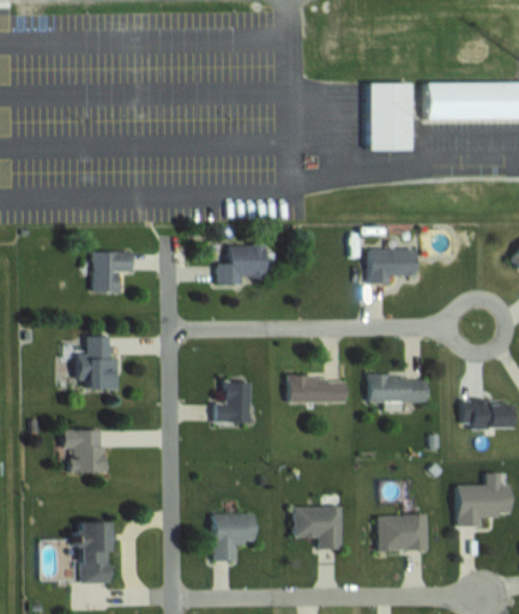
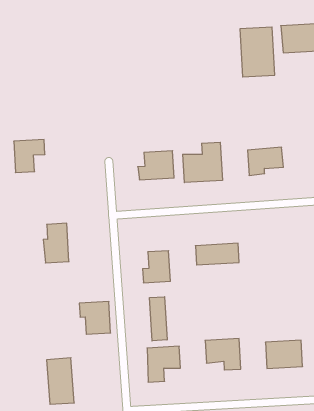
building: none -> [183,142,222,183]
building: [92,251,134,294] -> [14,140,45,173]
building: [370,373,428,403] -> none
building: [61,429,102,472] -> [79,302,111,334]
building: none -> [150,297,167,341]

